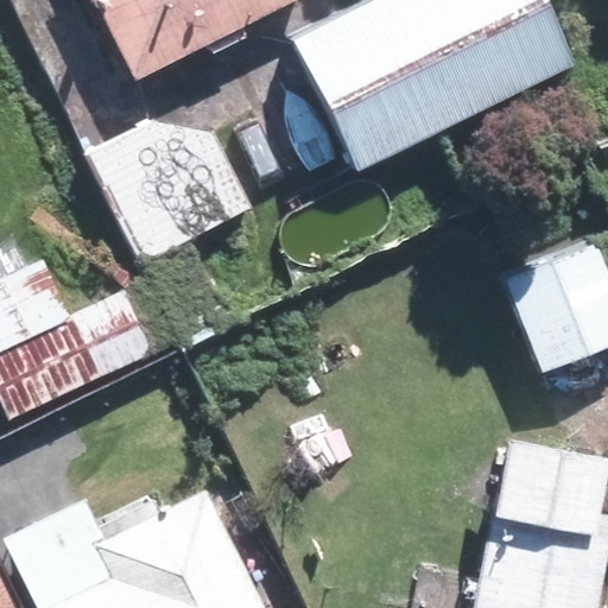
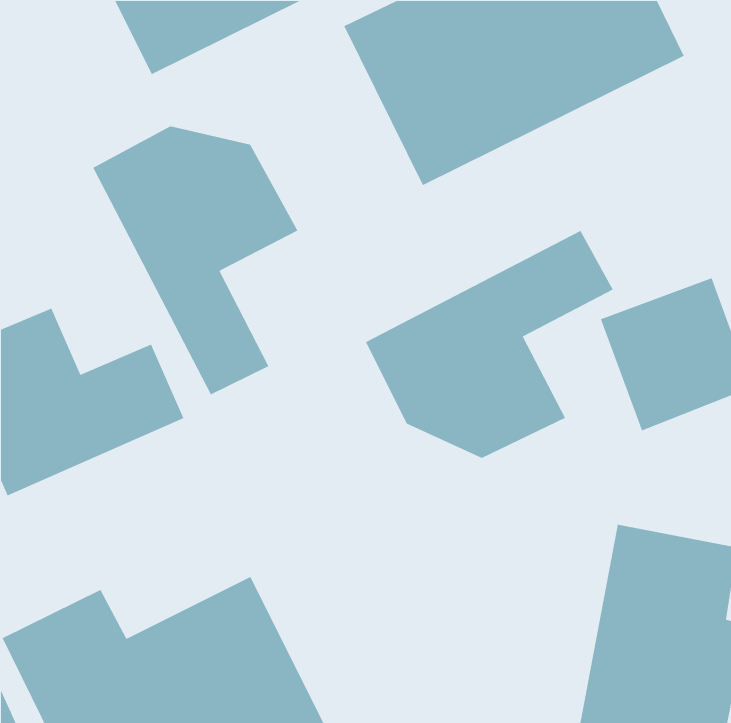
building: none -> [365,230,614,459]

